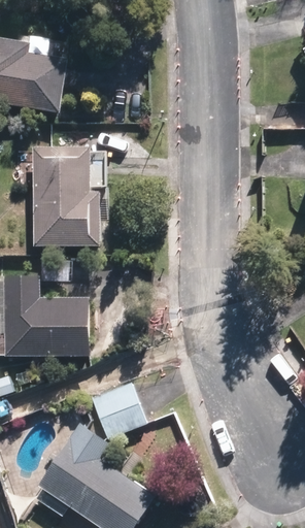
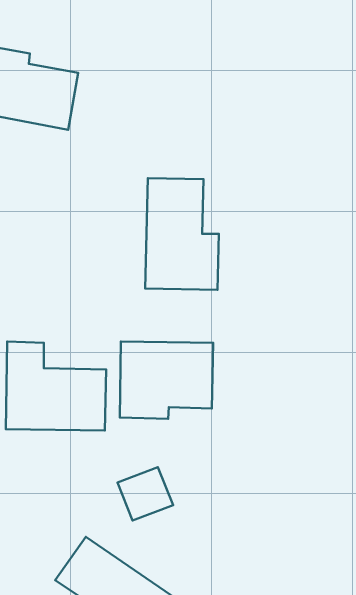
building: [37,154,97,244] -> [145,178,219,290]
building: none -> [120,342,213,419]

